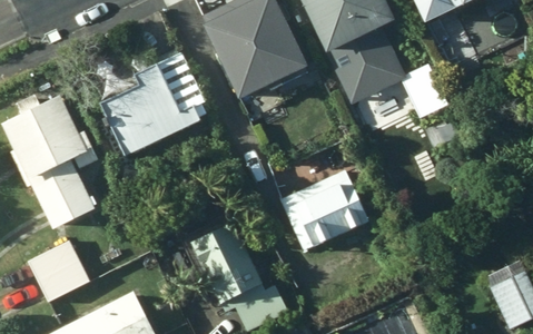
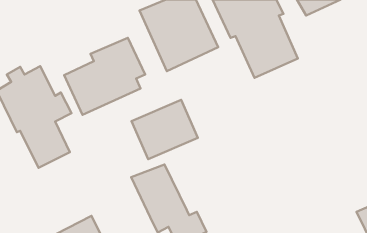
building: [280,170,369,250] -> [132,100,198,159]
building: [26,240,90,303] -> none

